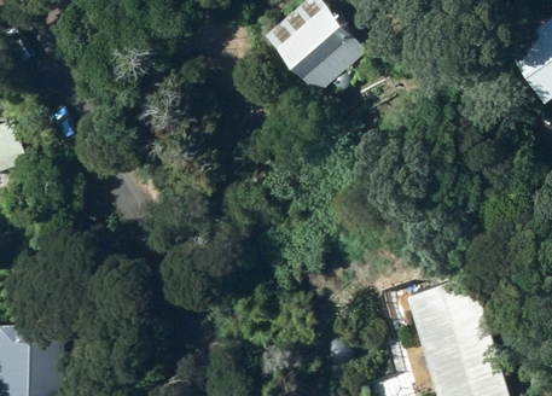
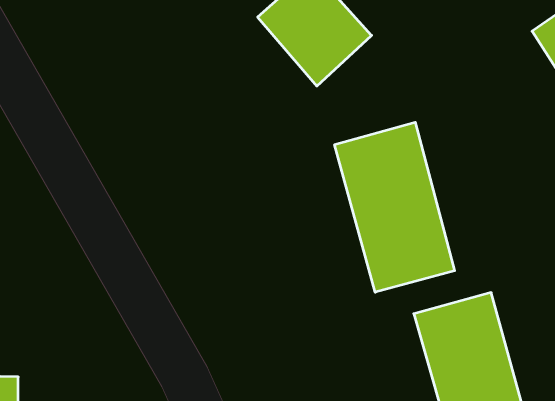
building: none -> [335,122,455,292]

